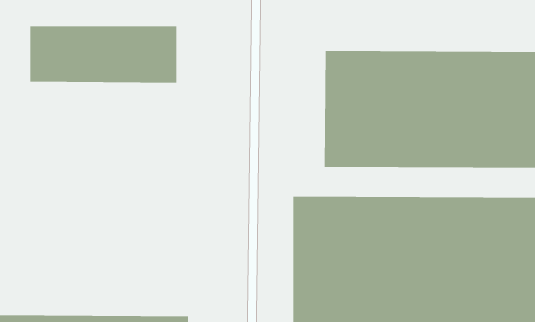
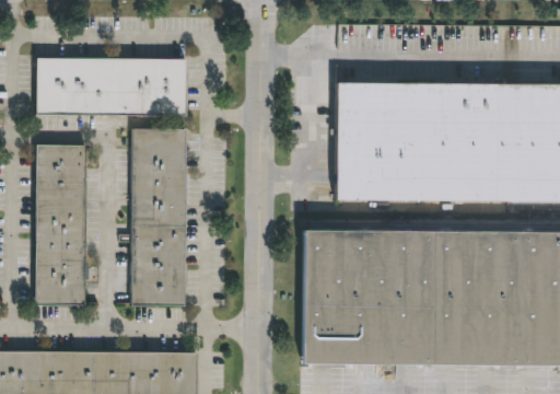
building: none -> [131,128,186,305]
building: none -> [35,143,86,305]

